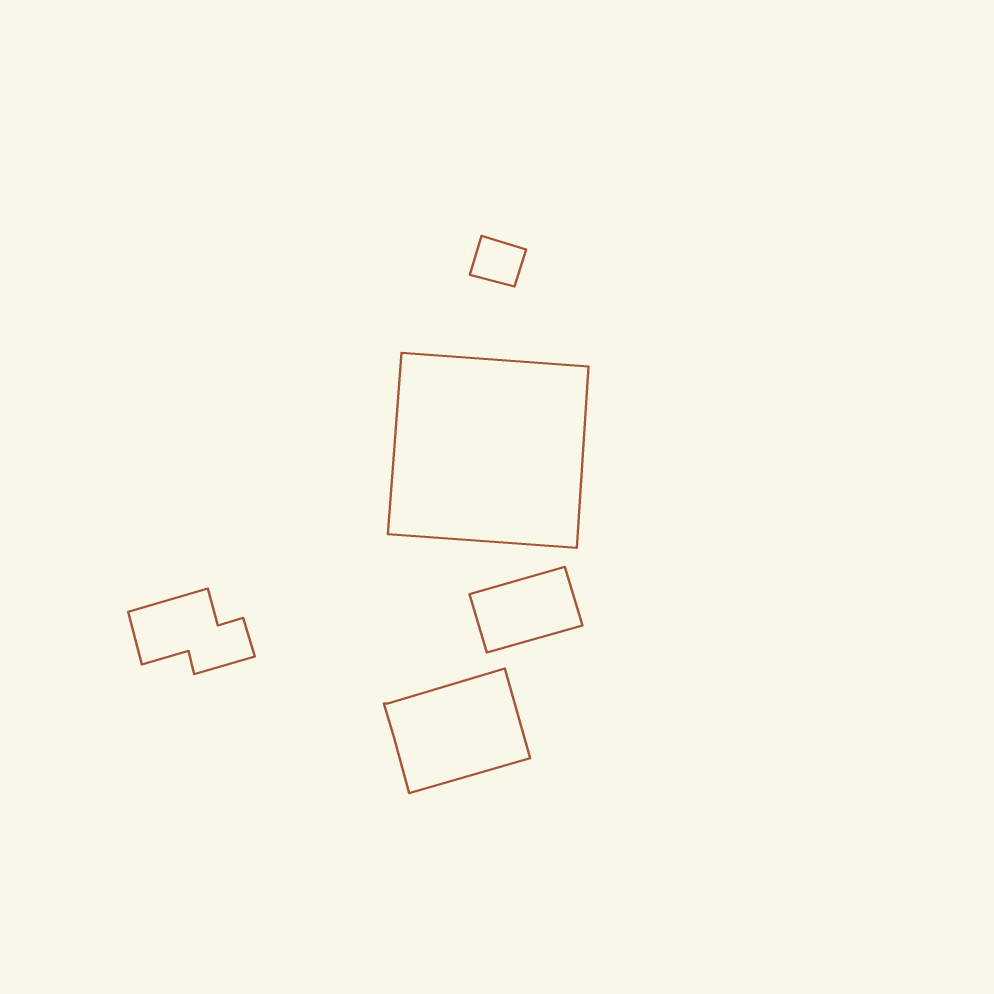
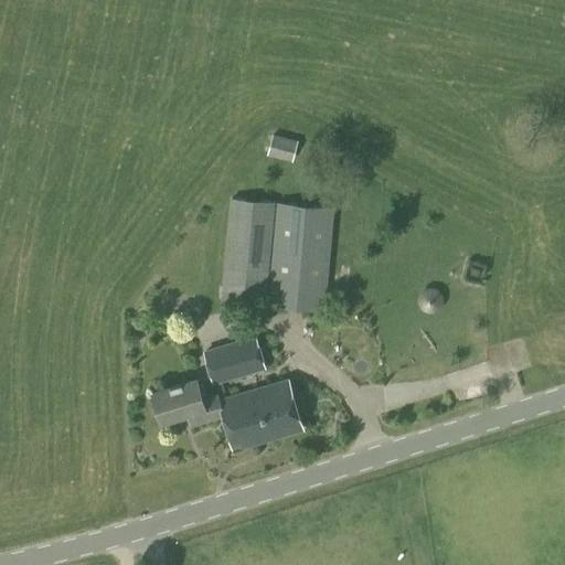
building: [469,567,582,653] -> [203,337,267,385]
building: [128,588,255,674] -> [152,380,224,428]

